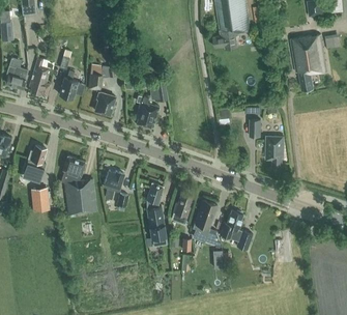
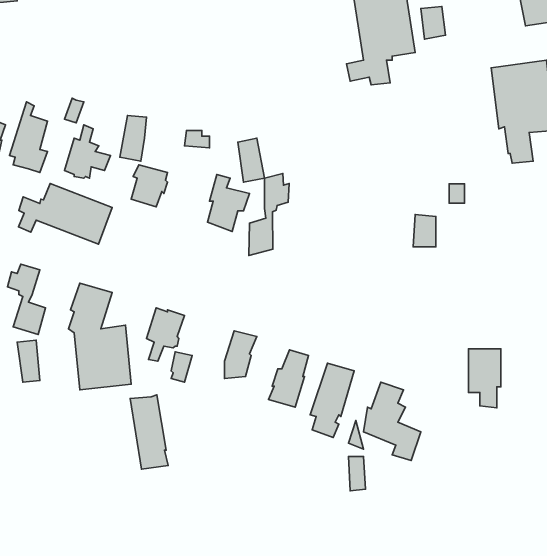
building: none -> [249,174,289,256]
building: none -> [18,184,112,244]
building: [265,135,283,167] -> [468,349,501,408]
building: [145,205,166,246] -> [130,395,168,469]

